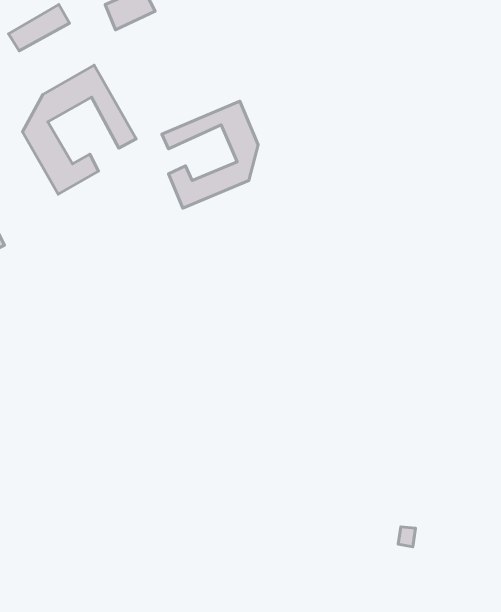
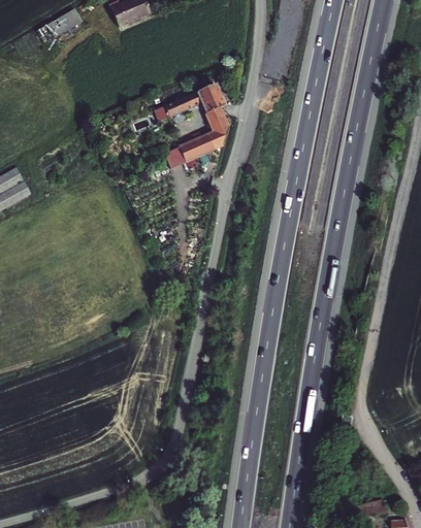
building: [22,65,136,194] -> none

